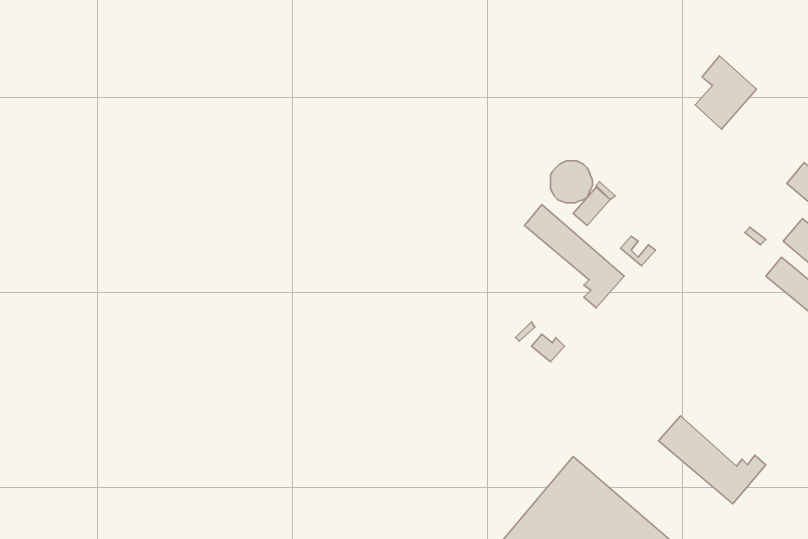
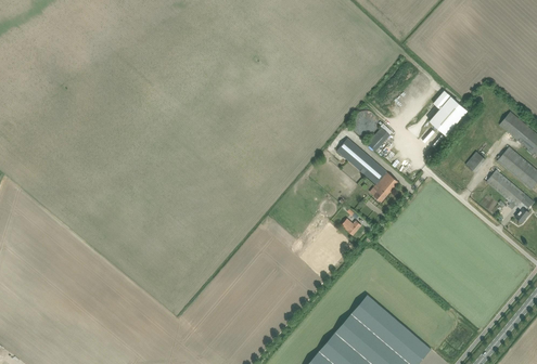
building: [695,56,756,129] -> [430,90,468,135]
building: [659,416,766,504] -> none

